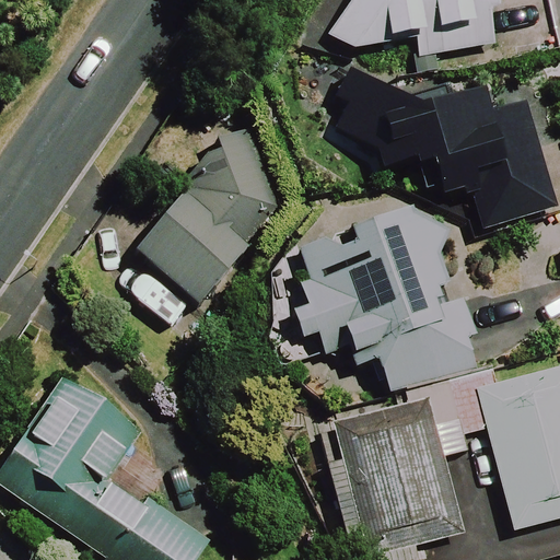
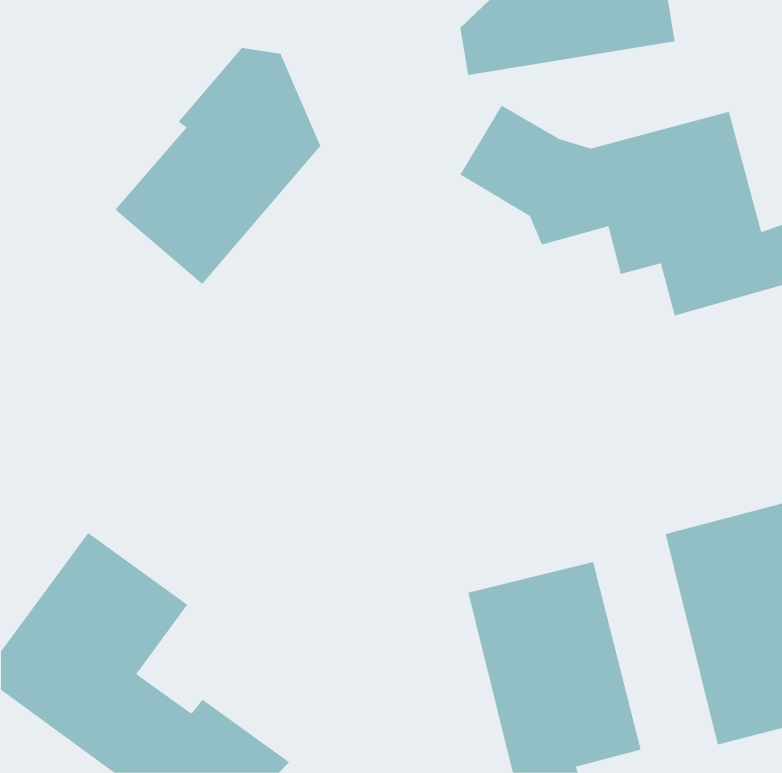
building: [136,135,282,303] -> [115,47,321,285]
building: [293,211,481,371] -> none

